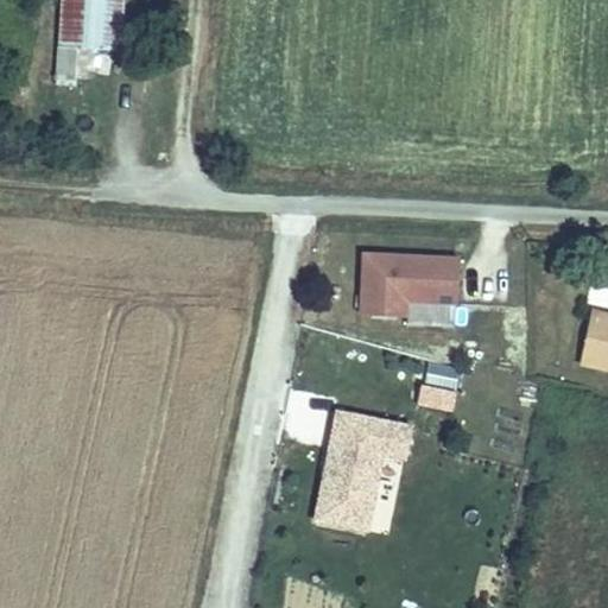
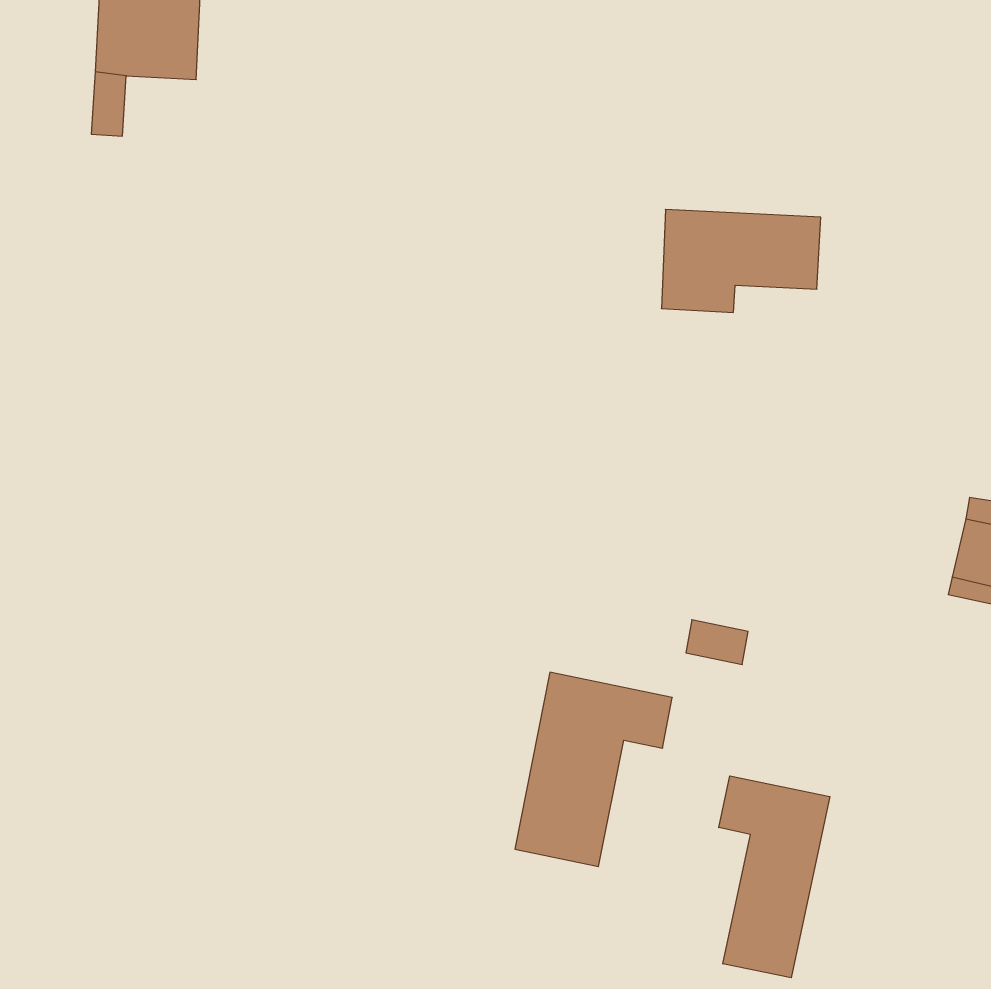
building: [362,253,460,316] -> [661,209,821,312]
building: none -> [719,776,830,978]

